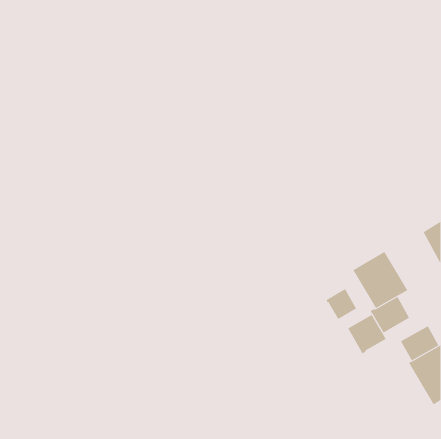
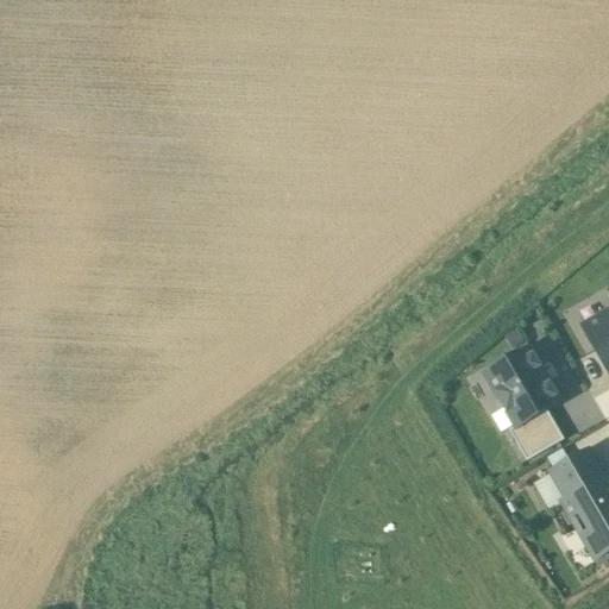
building: [325,288,357,320] -> none
building: [347,314,386,354] -> none

